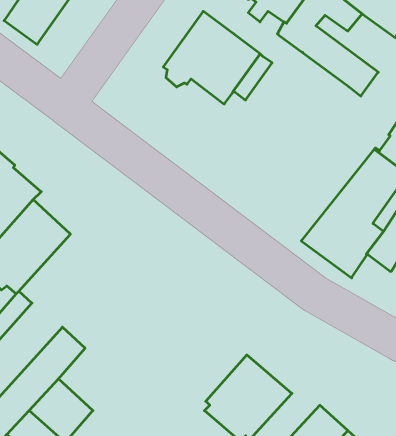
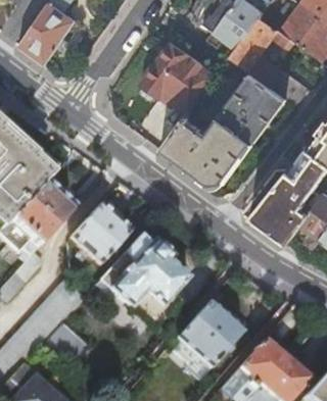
building: none -> [162,69,287,184]
building: none -> [71,203,132,264]
building: none -> [101,235,189,329]

